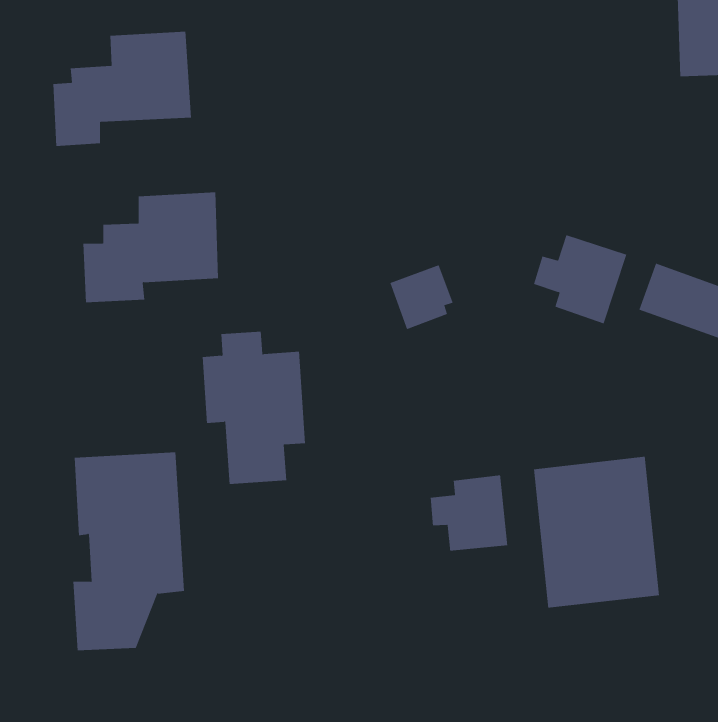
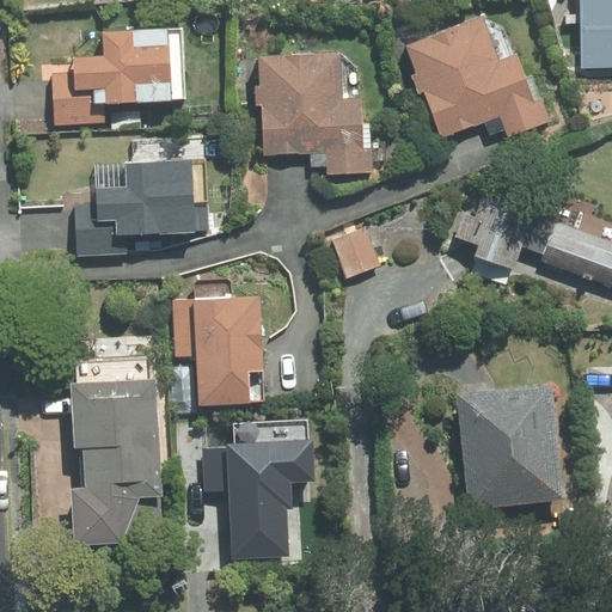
building: none -> [404,18,551,140]
building: none -> [256,53,375,176]
building: [430,475,508,552] -> none
building: none -> [208,442,314,552]

